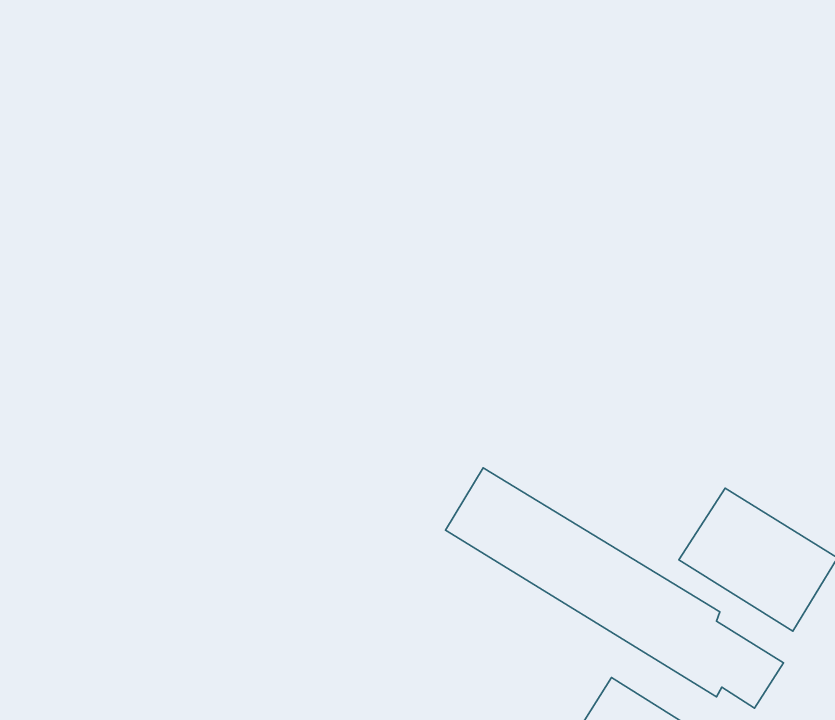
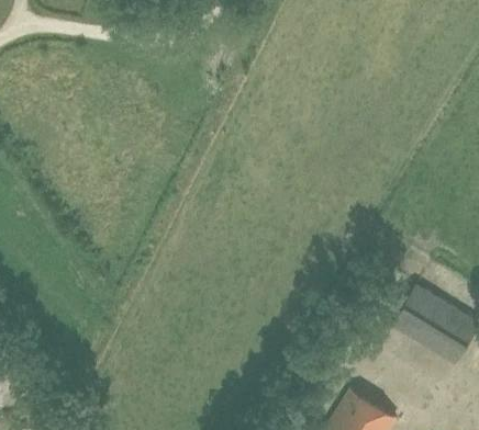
building: [446,468,784,708] -> none

